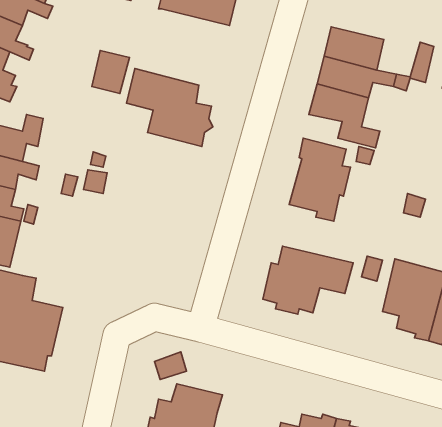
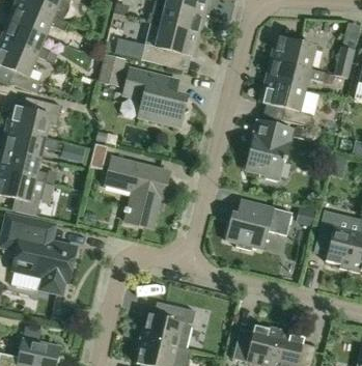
building: none -> [141,22,200,65]
building: none -> [105,156,169,223]

